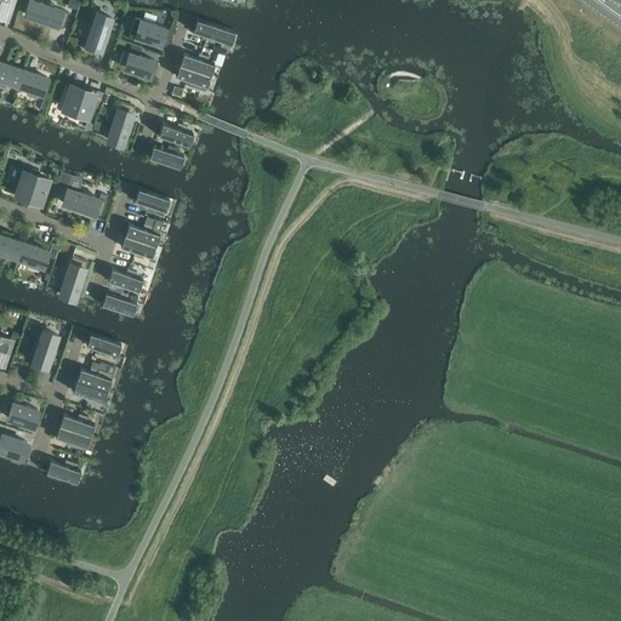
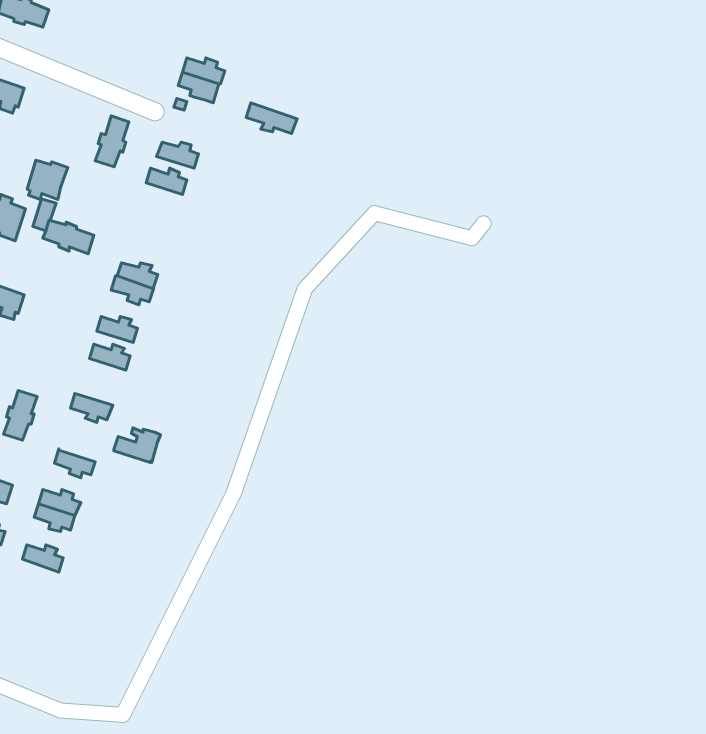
building: [85,15,112,57] -> none
building: [130,19,165,46] -> none
building: [193,21,235,46] -> [246,103,297,133]
building: [119,49,154,78] -> none
building: [63,86,97,119] -> [27,160,68,199]
building: [135,190,169,218] -> none
building: [59,258,87,301] -> none
building: [76,363,115,392] -> [114,428,160,463]

